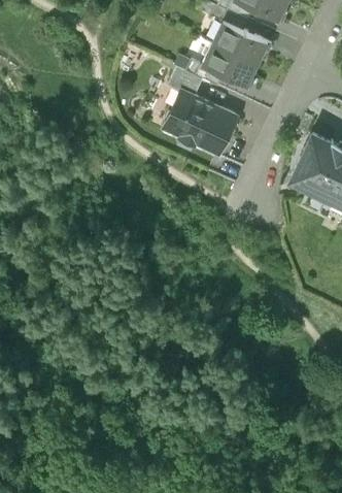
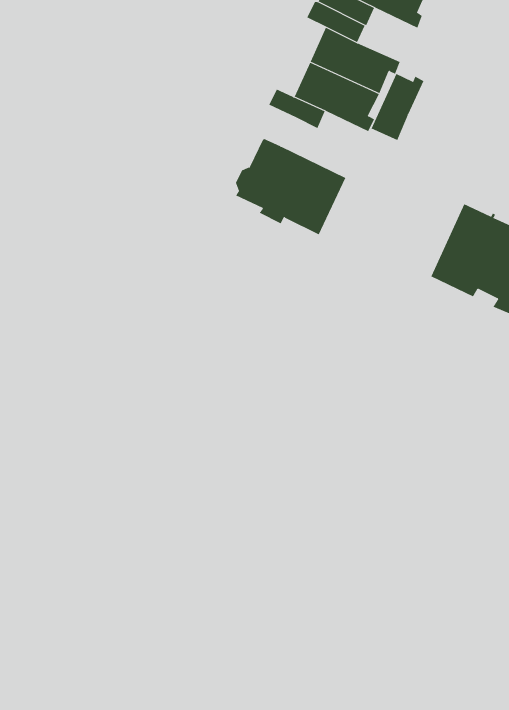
building: none -> [371,73,424,141]
building: [167,67,203,98] -> none

